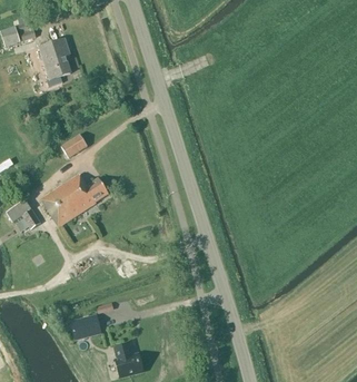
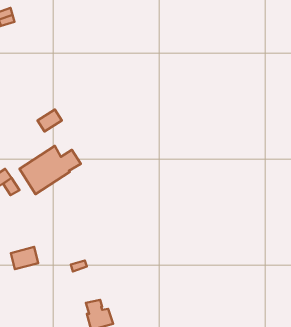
building: [37,39,69,86] -> none
building: [69,315,99,340] -> [11,247,38,269]

